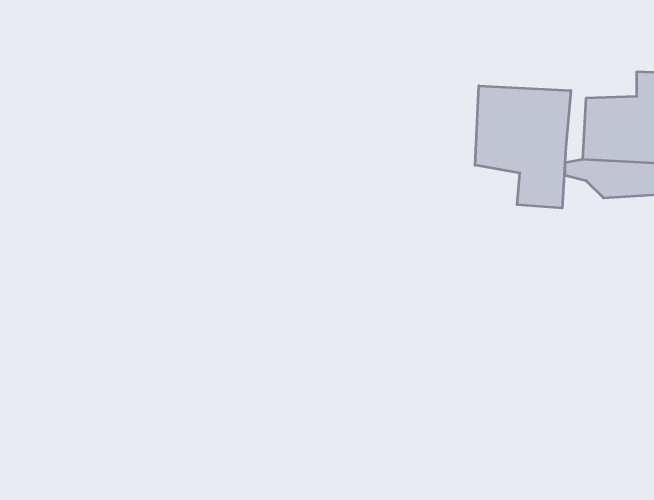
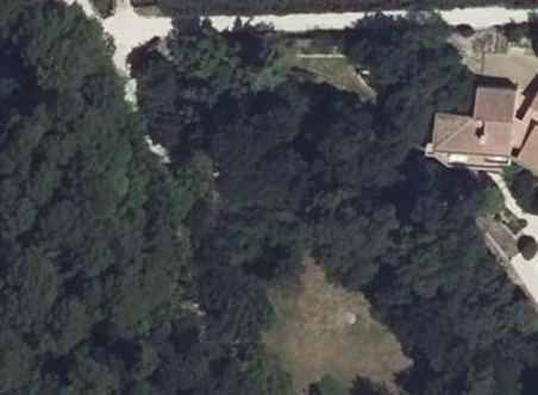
building: [475,86,571,208] -> none

